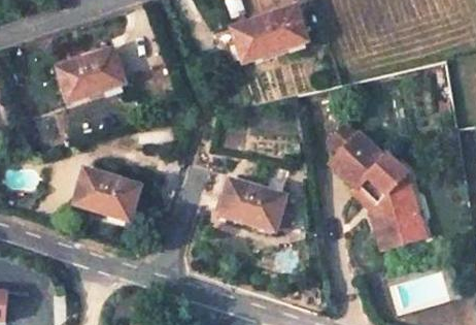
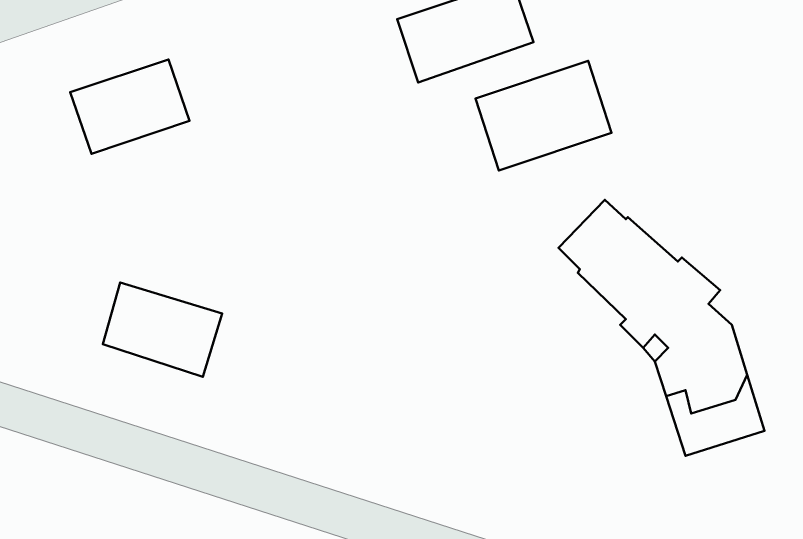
building: none -> [475,61,611,170]
building: [219,178,295,230] -> none

